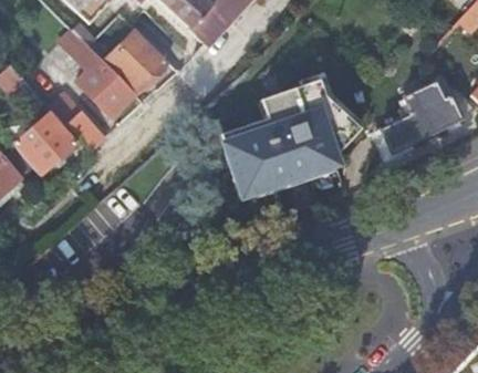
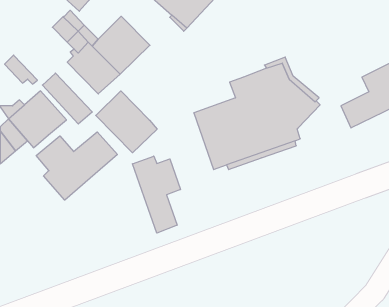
building: none -> [96,91,157,153]
building: none -> [36,132,117,200]
building: none -> [132,156,180,233]

